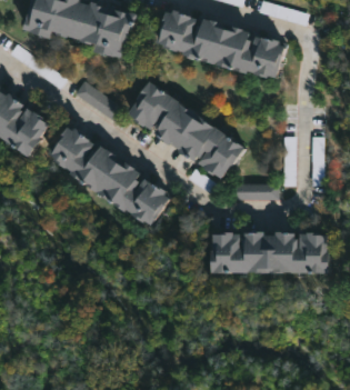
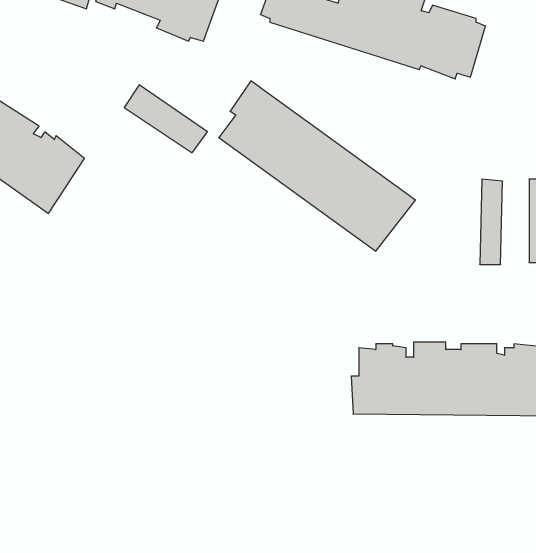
building: [47,127,169,226] -> none
building: [236,186,278,201] -> none

